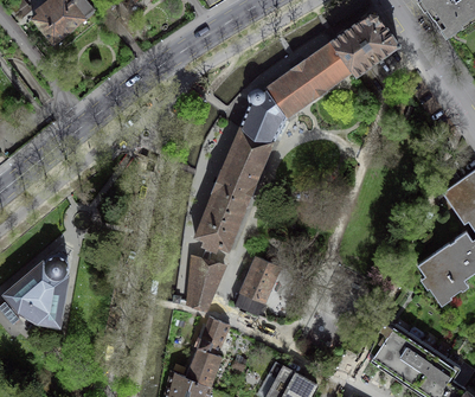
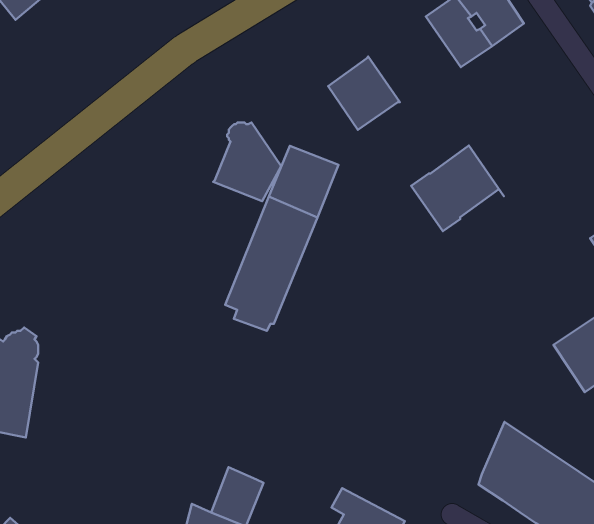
building: [293,40,355,98] -> [411,146,504,231]
building: [239,88,285,141] -> [213,122,281,201]
building: [187,255,224,309] -> none
building: [236,255,280,314] -> none
building: [194,316,230,354] -> none

